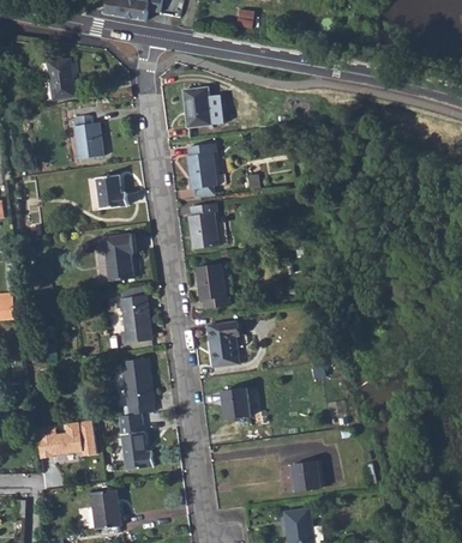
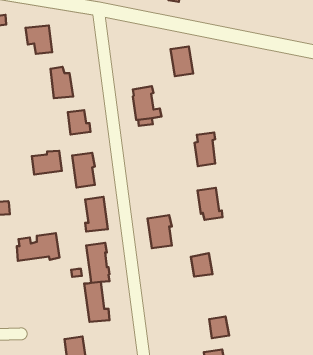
building: [182,86,214,127] -> [171,47,193,76]
building: [190,201,218,248] -> [194,132,215,166]
building: none -> [32,151,62,175]
building: [197,263,232,307] -> [198,188,223,220]
building: [222,386,252,418] -> [191,253,212,277]
building: [35,420,94,458] -> [17,233,59,261]

